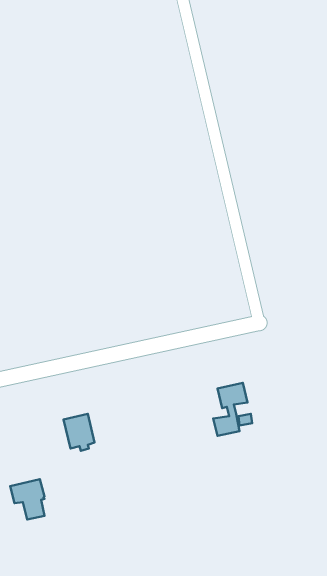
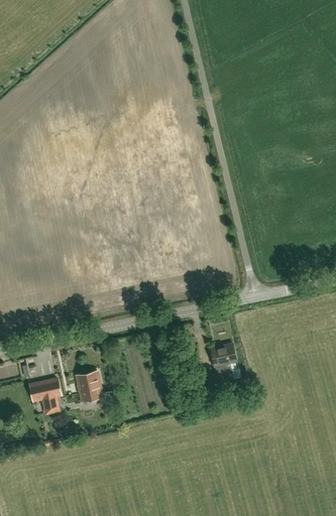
building: [10,479,45,519] -> [29,378,60,413]

